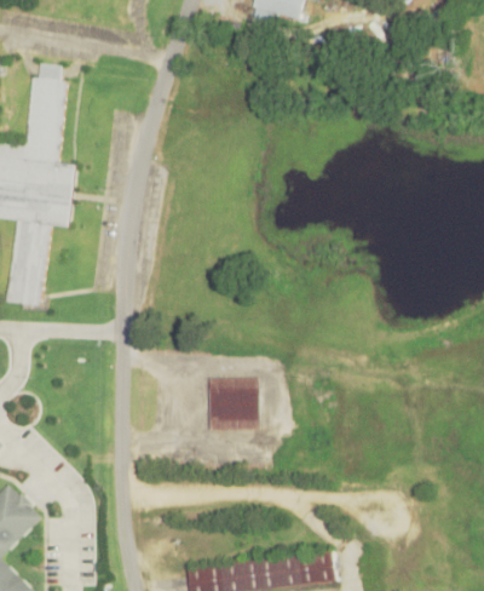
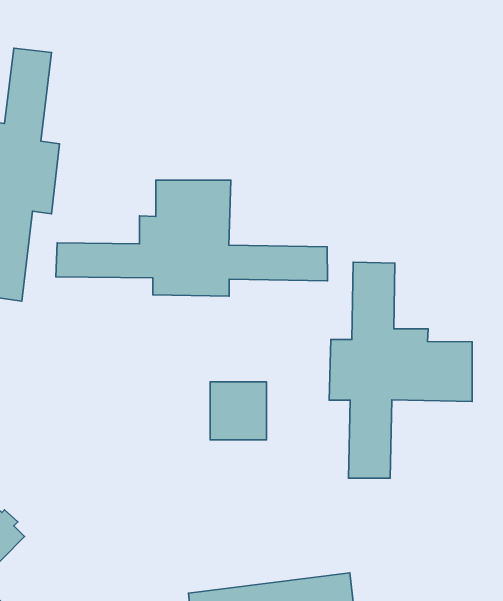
building: none -> [56,180,327,296]
building: none -> [329,262,472,478]

